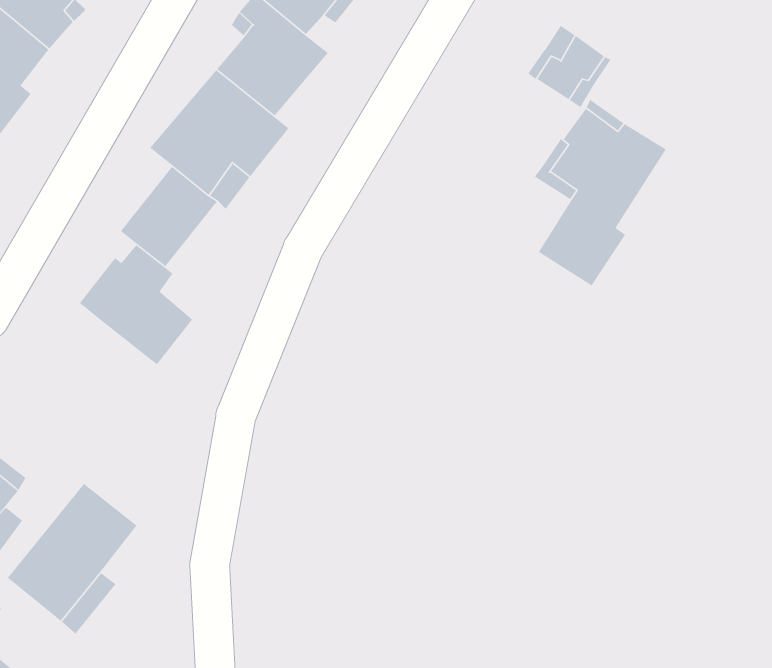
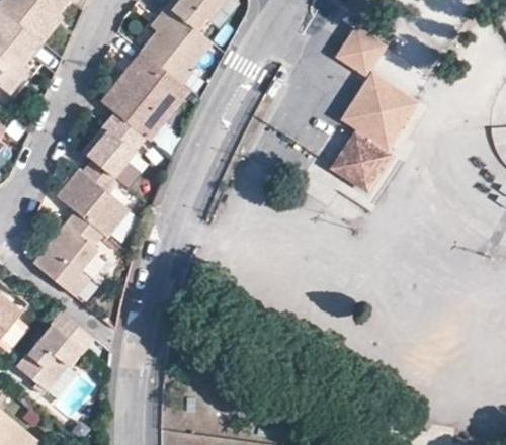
building: none -> [32,211,101,295]

